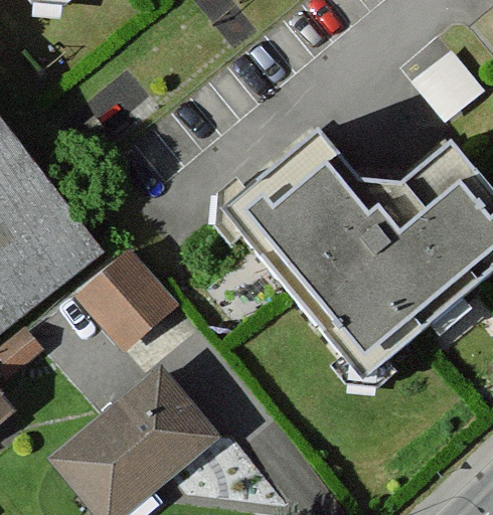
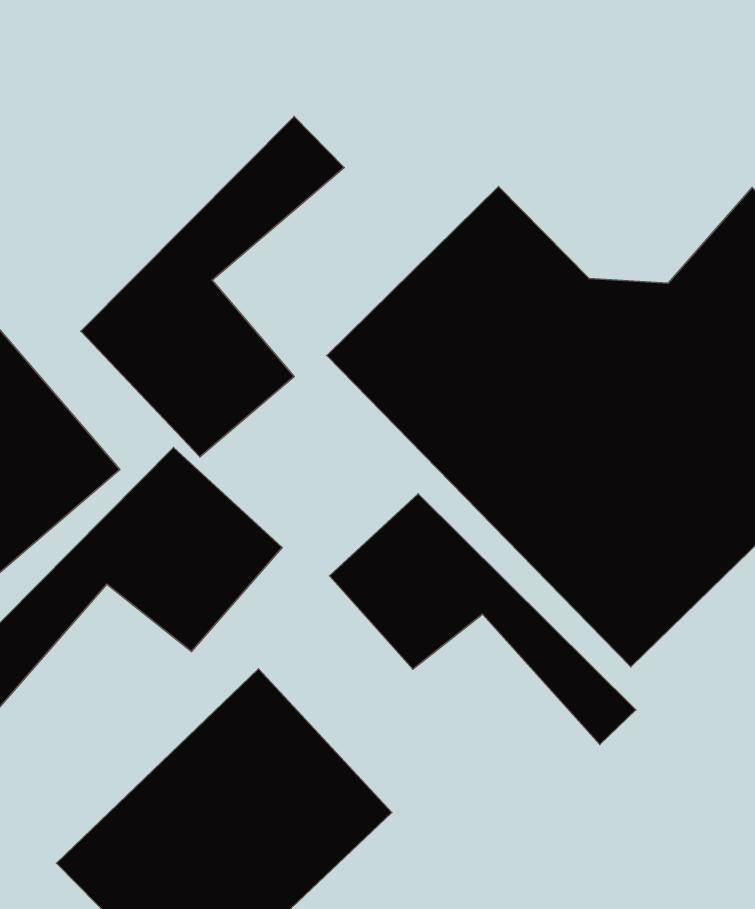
building: none -> [81,116,344,457]
building: none -> [329,494,636,745]

